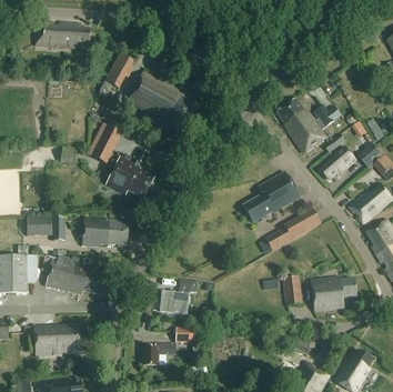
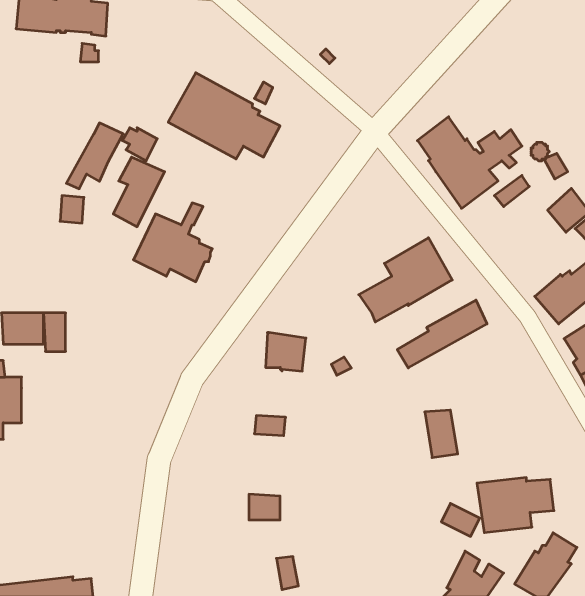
building: [99,53,133,93] -> [66,123,123,189]
building: [321,147,355,179] -> none
building: [81,218,128,247] -> none
building: [46,258,107,295] -> none
building: [310,277,356,310] -> [477,478,554,533]
building: [160,290,184,313] -> [266,333,306,371]
building: [33,323,81,355] -> none
building: [142,343,175,365] -> none

